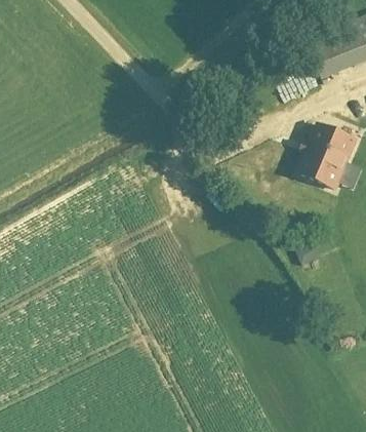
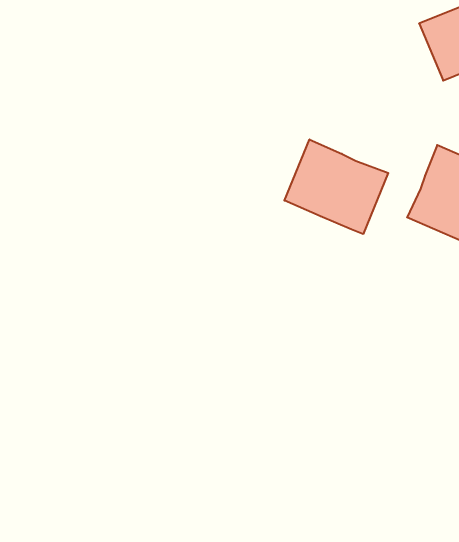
building: none -> [284,139,388,234]

